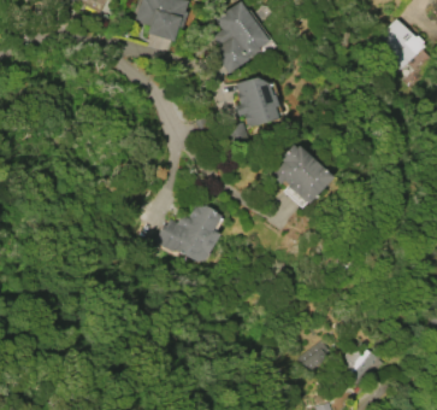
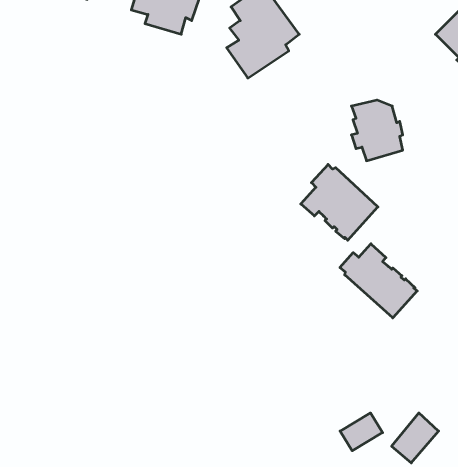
building: [236,77,277,125] -> [351,100,403,161]
building: [158,204,223,262] -> none
building: none -> [340,244,417,318]

